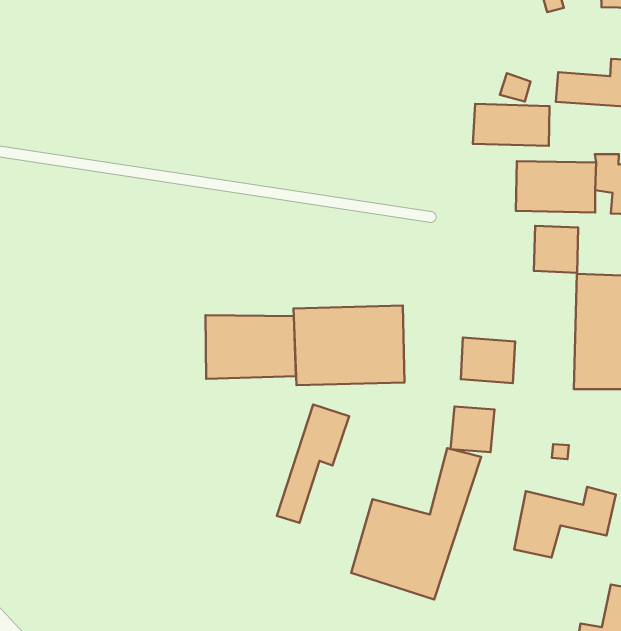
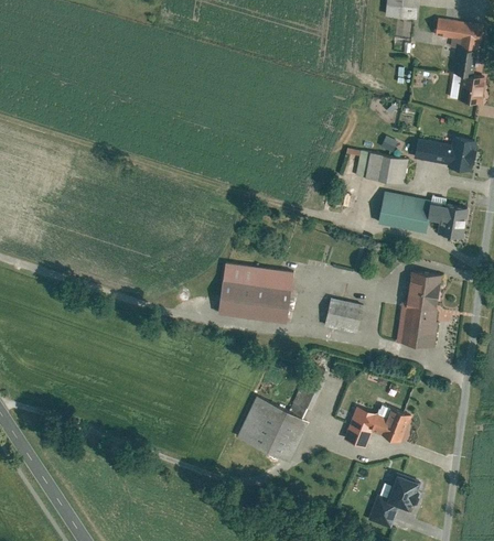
building: [534,226,578,273] -> none
building: [206,315,296,379] -> none
building: [277,405,349,523] -> none
building: [450,406,494,452] -> none

